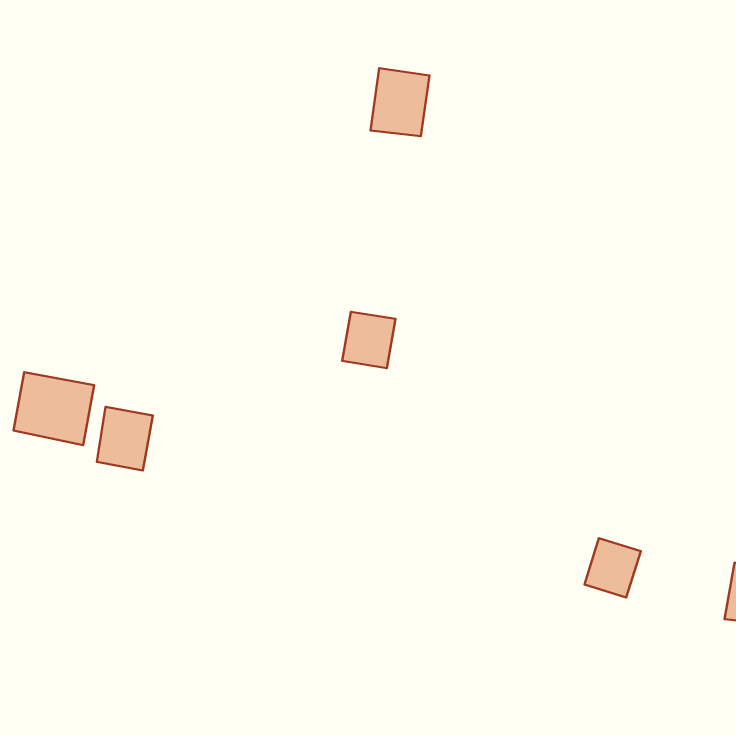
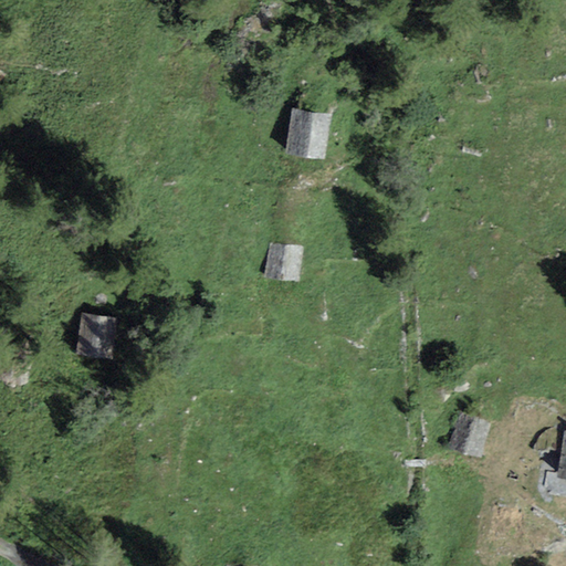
building: [370,68,430,136] -> [286,108,332,160]
building: [14,372,94,445] -> none

